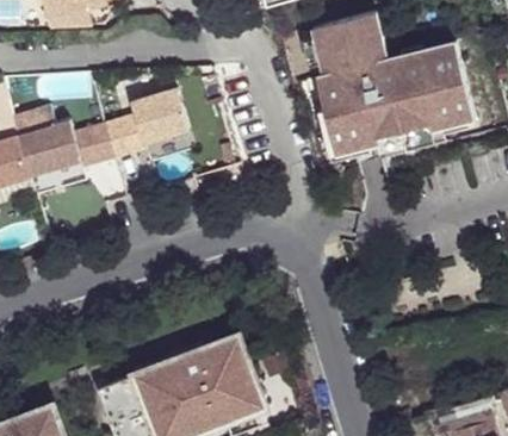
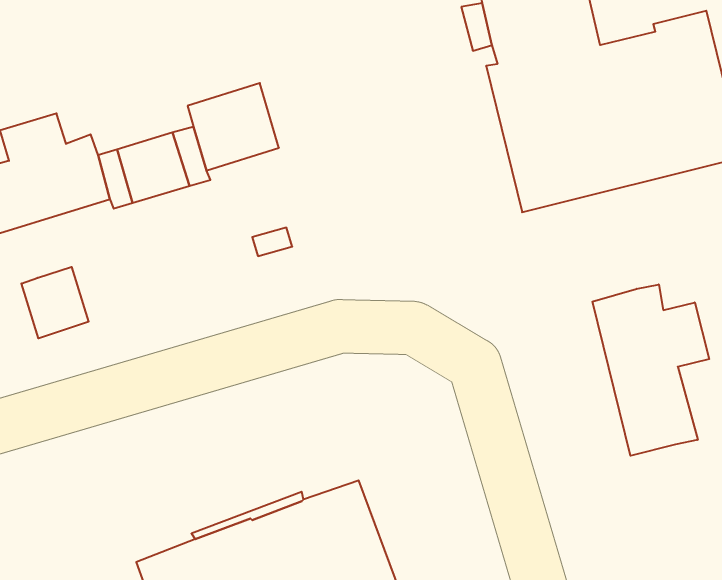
building: none -> [21,267,89,338]
building: none -> [592,284,709,456]

